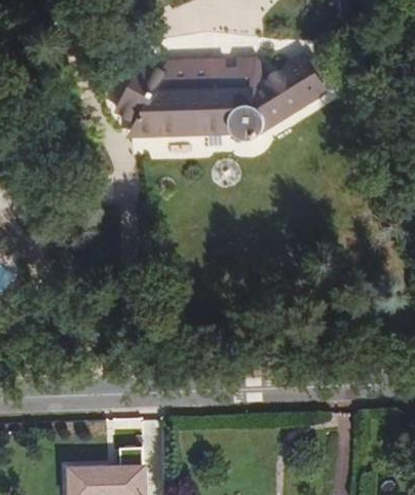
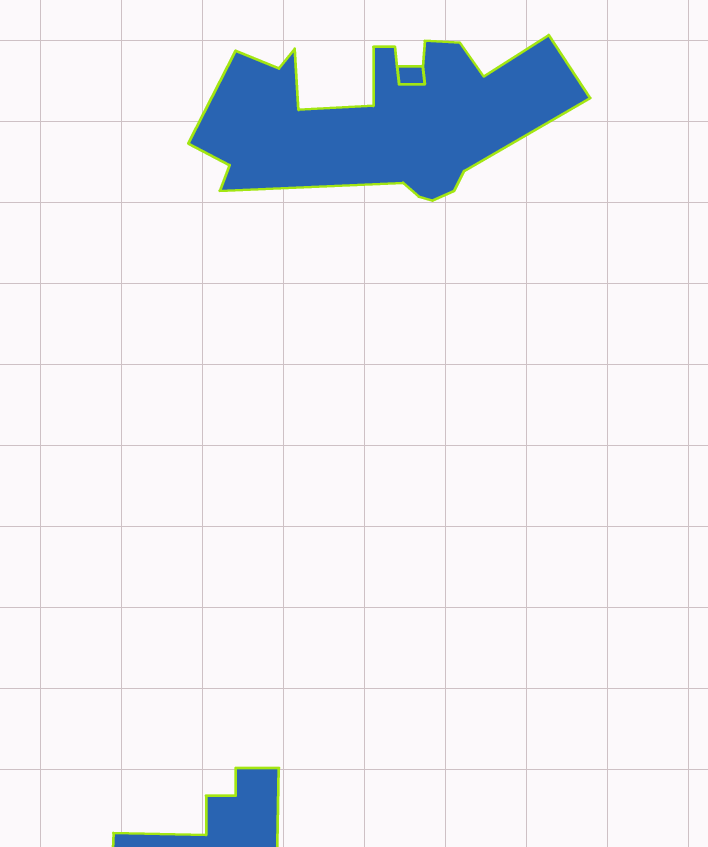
building: [168,63,210,96] -> none

